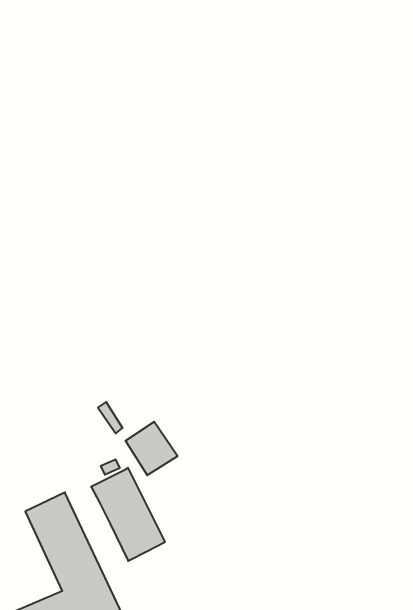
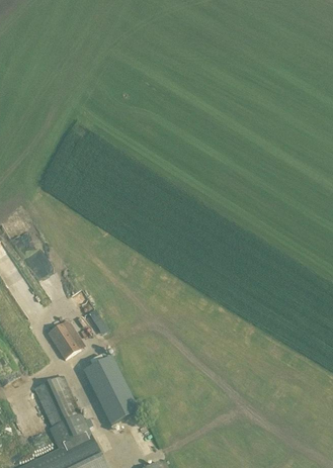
building: [125,422,178,475] -> [47,318,85,358]

